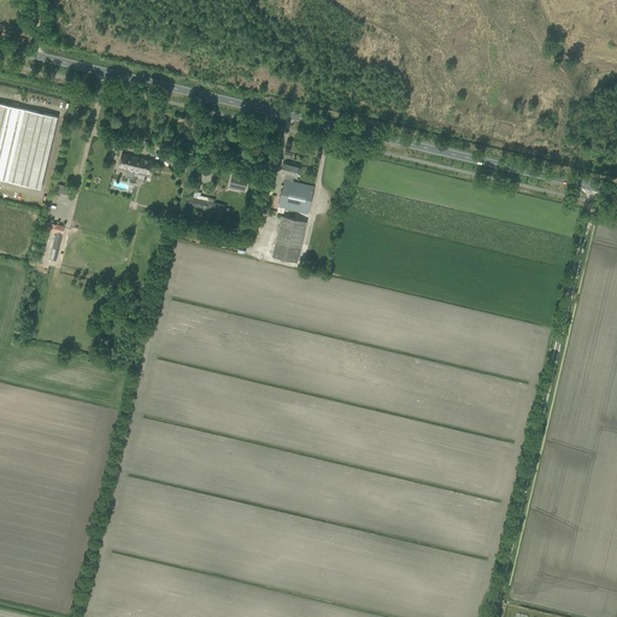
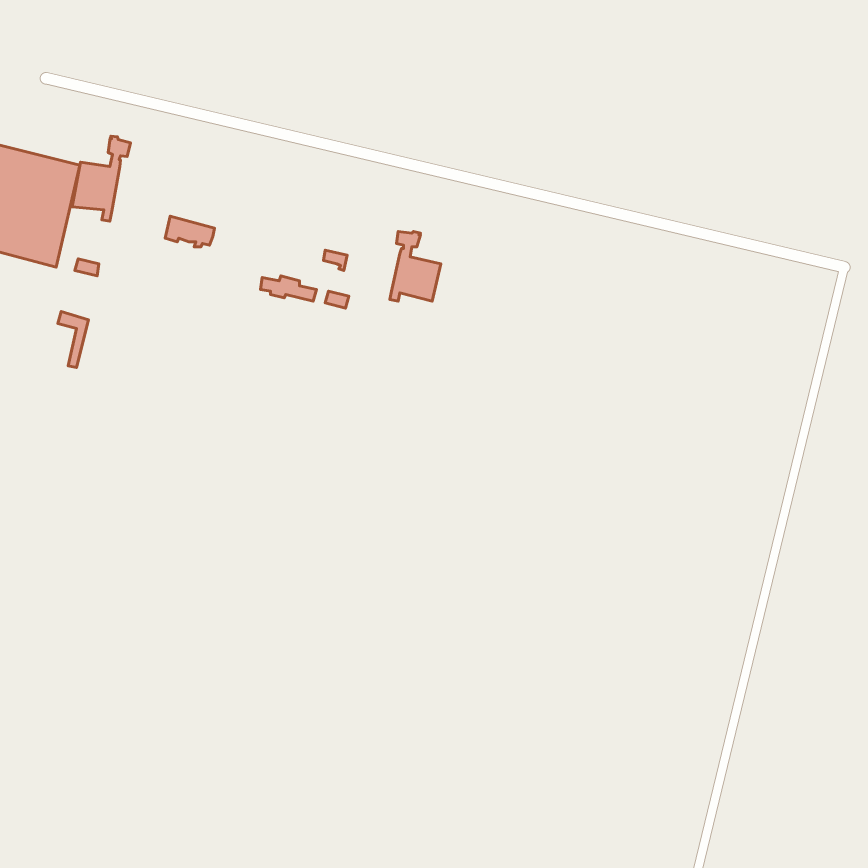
building: none -> [72,136,131,221]
building: [271,215,305,263] -> none

